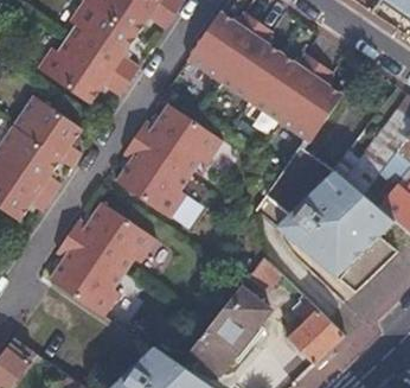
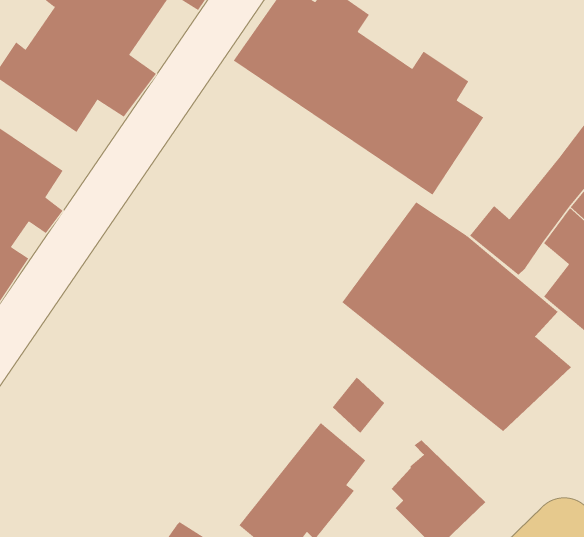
building: [115,104,222,218] -> none
building: [49,203,155,317] -> none

